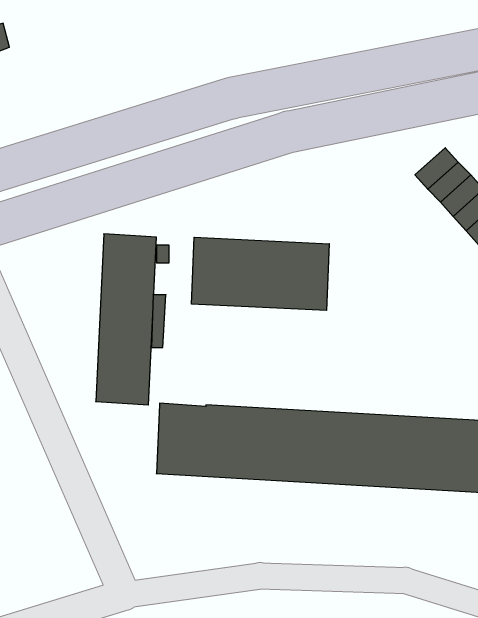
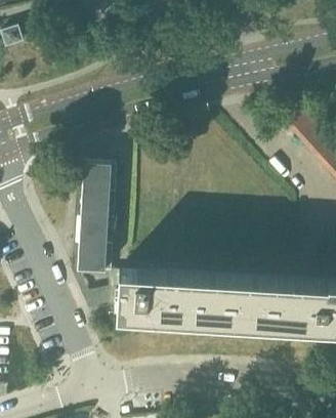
building: [192,237,329,310] -> none

